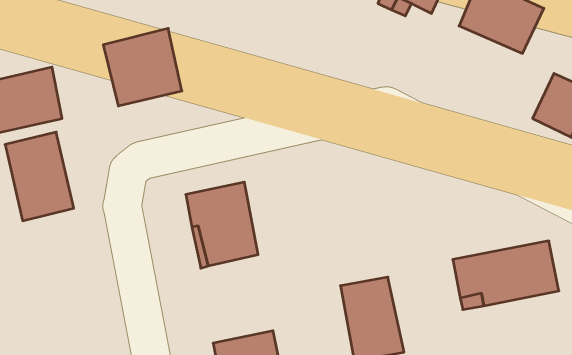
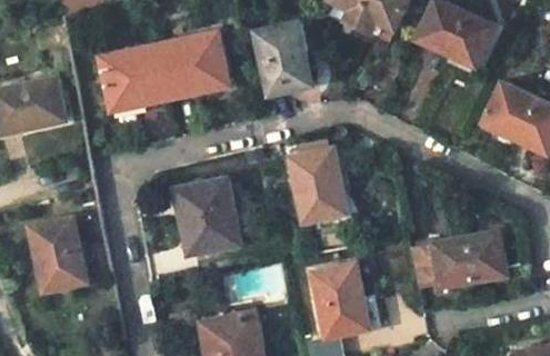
building: none -> [256,22,312,95]
building: none -> [159,29,231,98]
building: [5,132,74,221] -> [28,215,89,294]
building: none -> [290,148,347,225]

